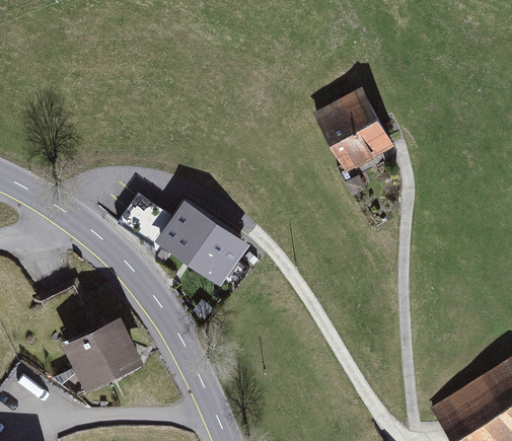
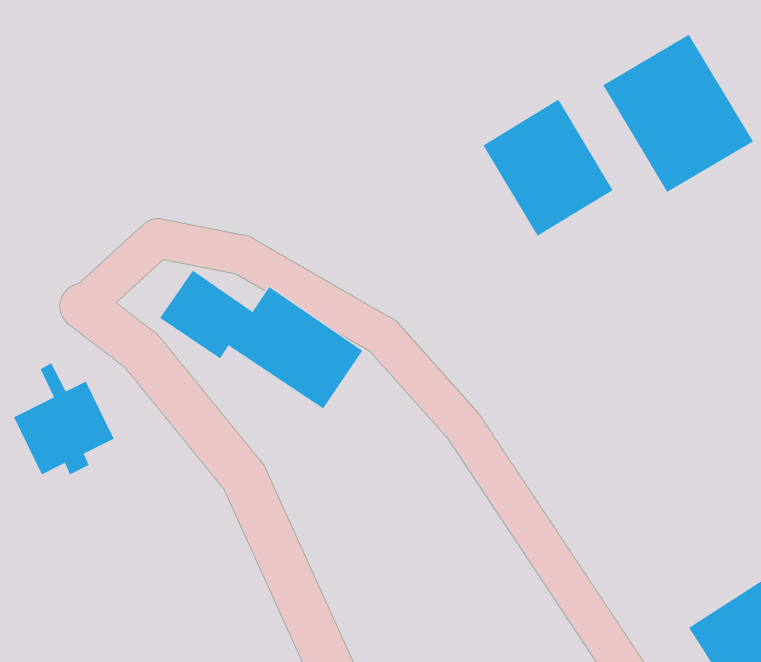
building: none -> [602,34,754,193]
building: [72,313,134,382] -> [13,362,114,475]

